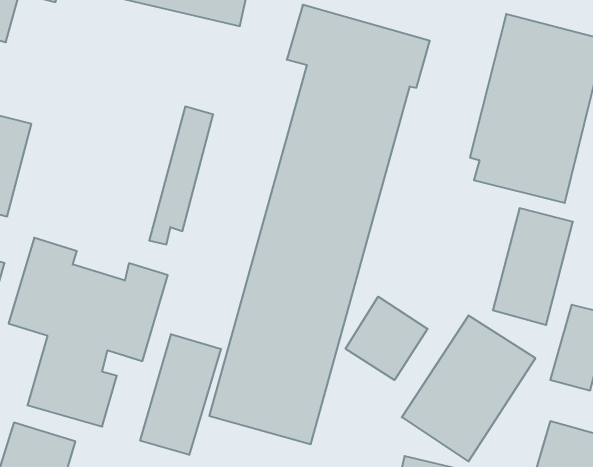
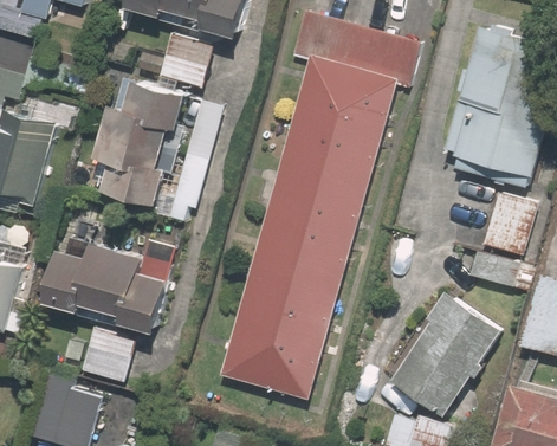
building: none -> [104,39,208,205]
building: [346,297,428,380] -> none
building: [140,334,221,455] -> none

